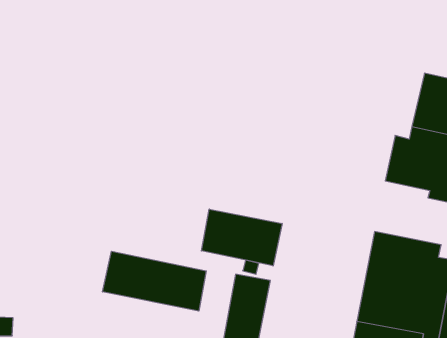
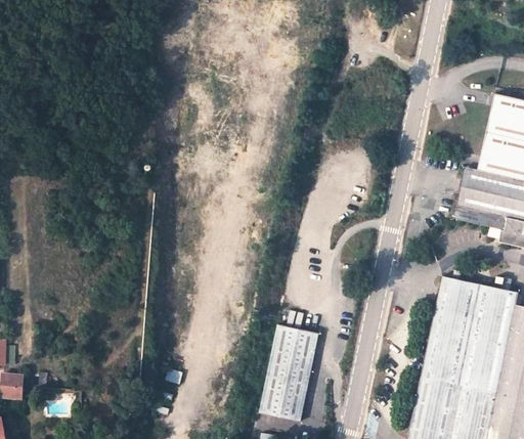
building: [201,209,282,266] -> none
building: [103,251,206,311] -> none

